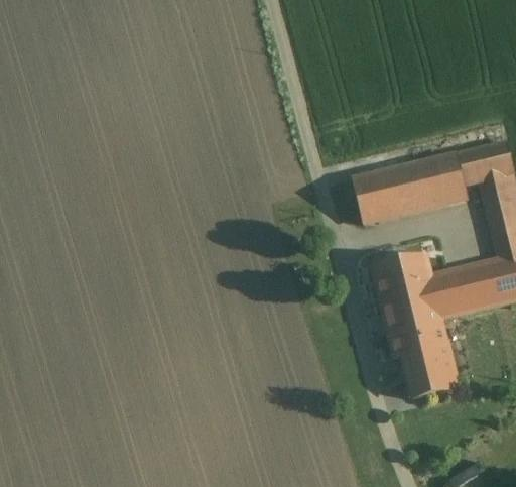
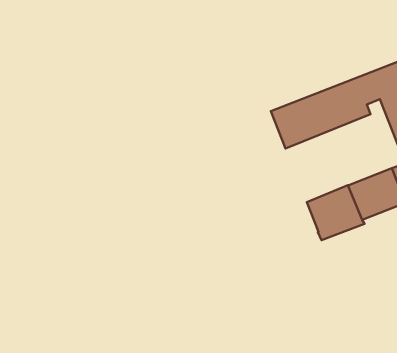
building: [374,256,430,288] -> none
building: [390,323,459,396] -> none

